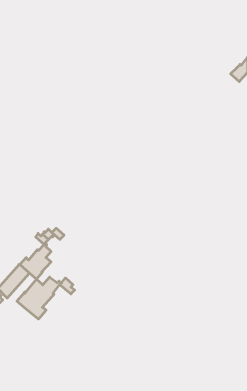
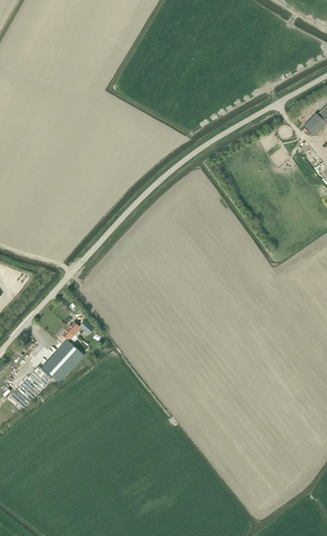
building: [17,277,75,319] -> none

